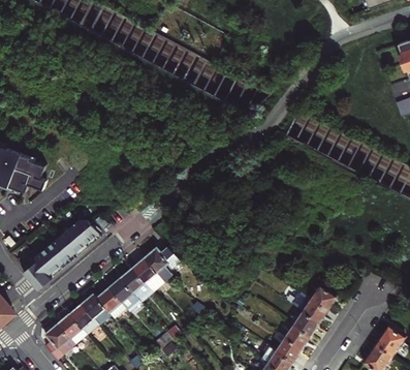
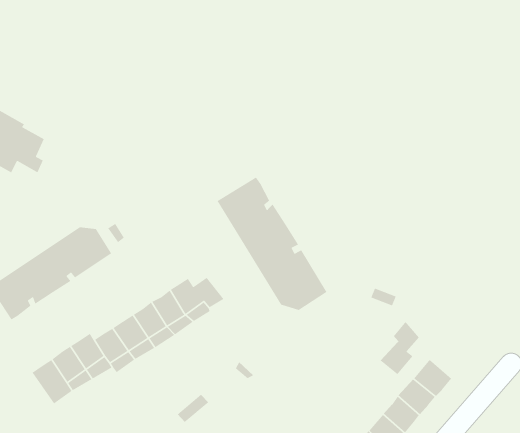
building: none -> [217,176,327,311]
building: none -> [380,321,420,375]
building: [42,326,73,362] -> none

